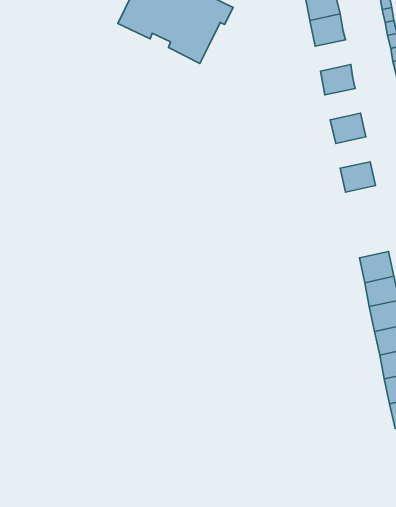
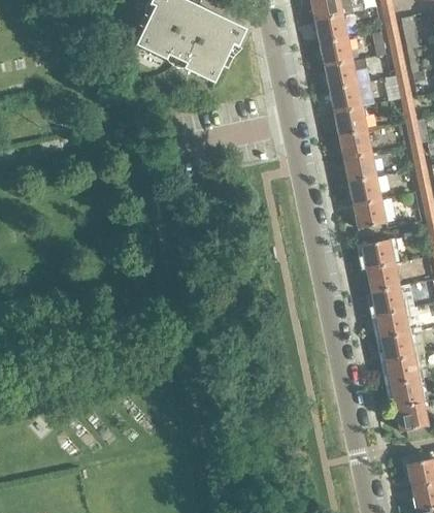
building: none -> [325,60,359,90]
building: none -> [334,106,368,136]
building: none -> [344,153,377,183]
building: none -> [354,199,387,229]
building: none -> [363,239,395,268]

